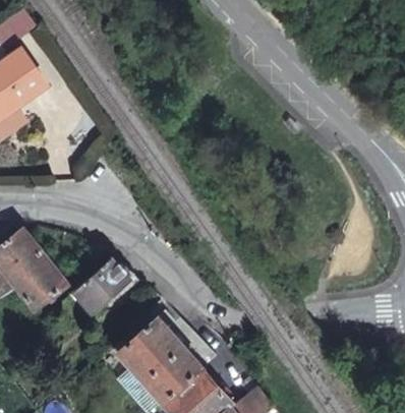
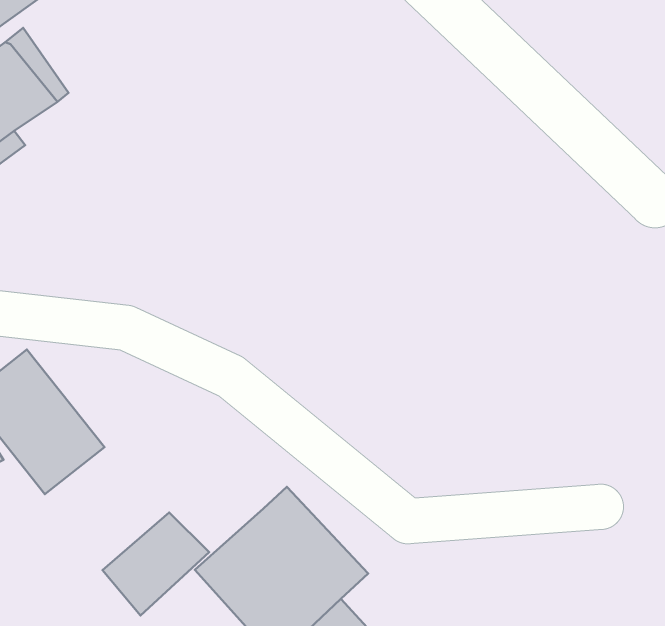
building: [71,258,131,316] -> [103,512,209,615]

